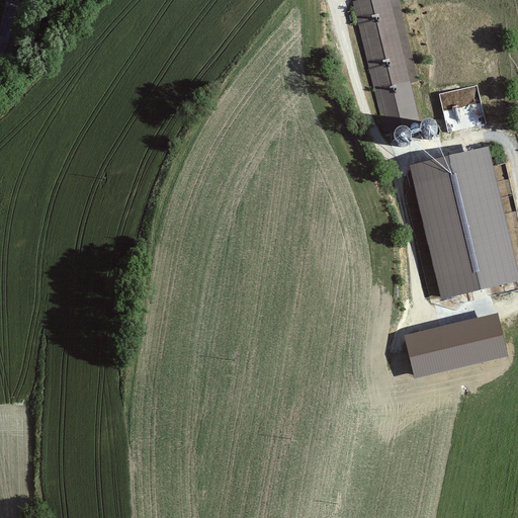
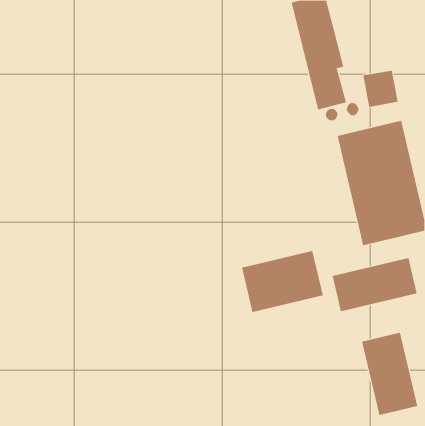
building: none -> [241,250,323,313]
building: none -> [361,332,418,416]

